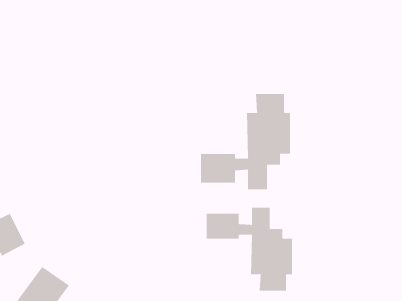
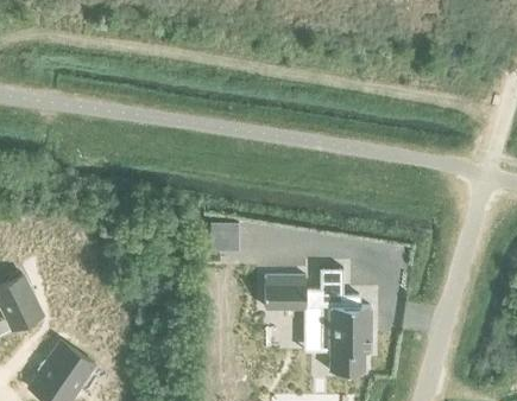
building: [201,93,291,190] -> none

